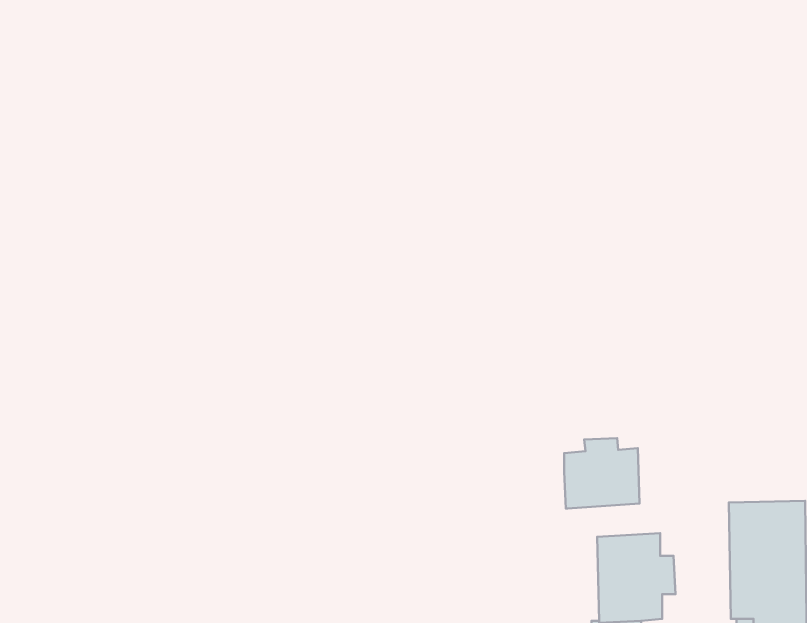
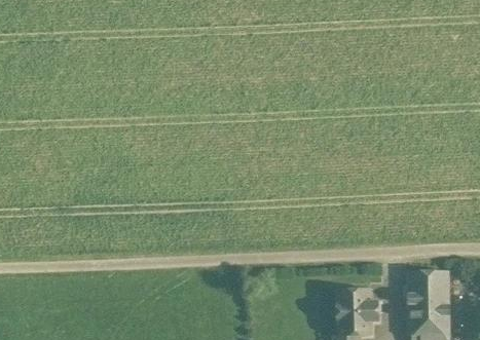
building: [564,438,640,509] -> none

